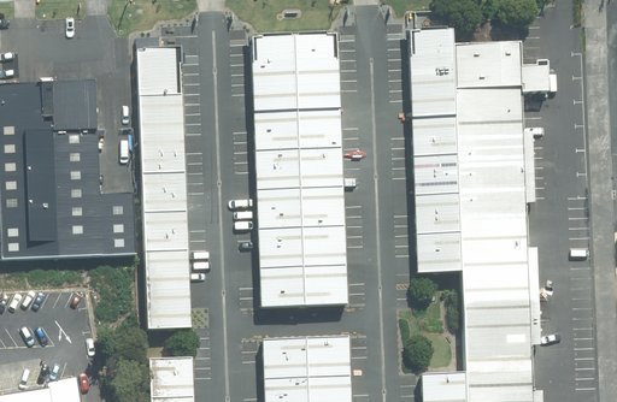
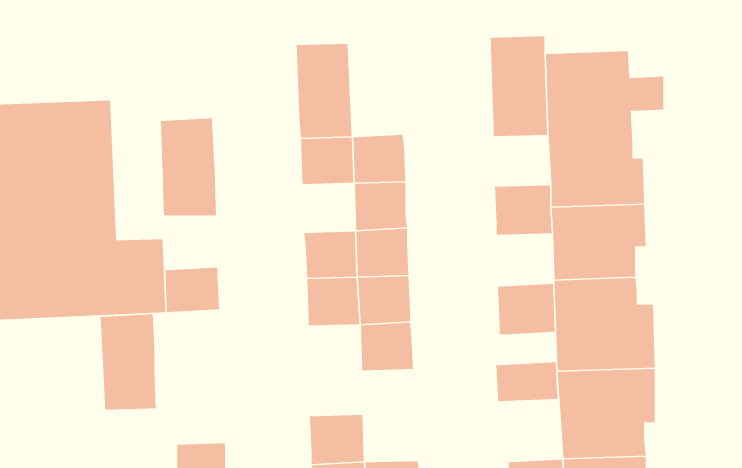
building: [292,36,336,114] -> none
building: [139,52,182,101] -> none
building: [409,113,456,154] -> none
building: [254,152,298,191] -> none
building: [142,178,187,221] -> none
building: [411,193,458,235] -> none
building: [145,254,190,332] -> [100,313,157,410]
building: [259,266,302,305] -> none
building: none -> [495,361,559,402]
building: [304,337,348,377] -> none

